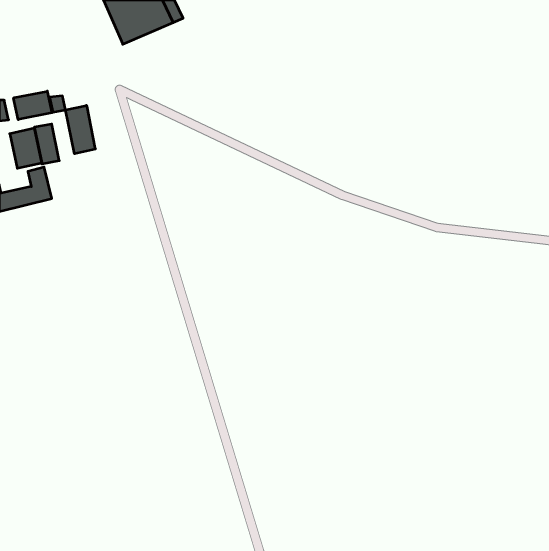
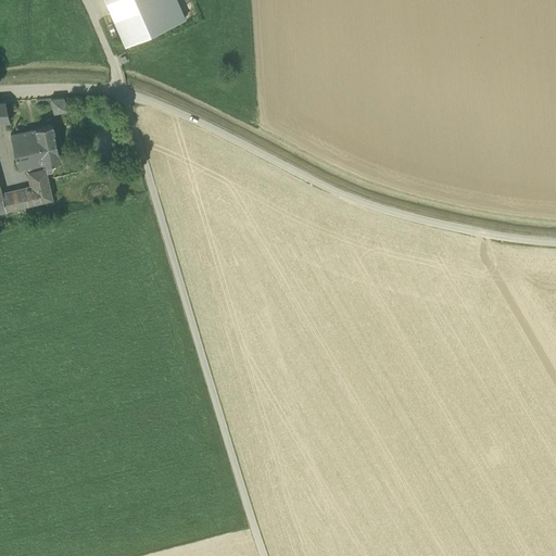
building: [14,91,52,120] -> none
building: [66,105,95,154] -> none

